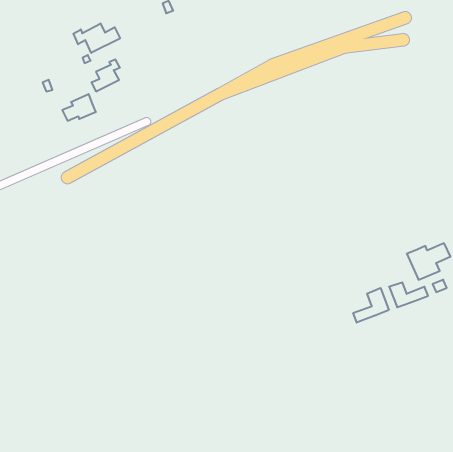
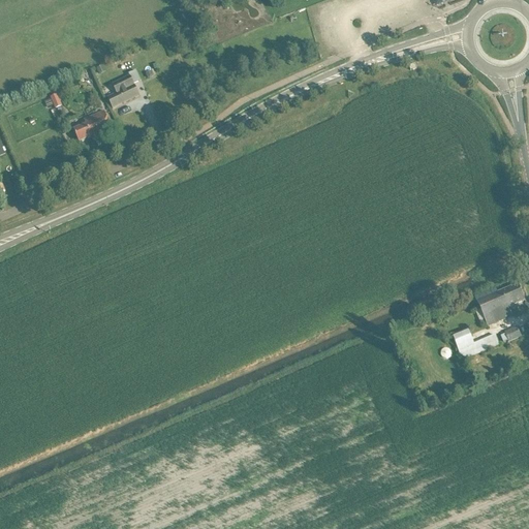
building: [73,23,120,53] -> none
building: [353,288,389,323] -> none

